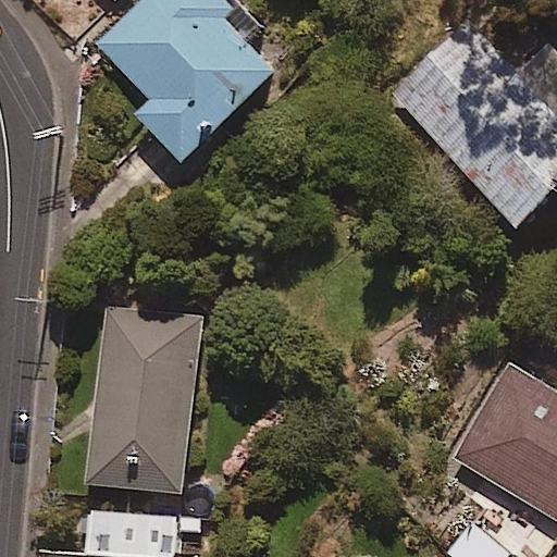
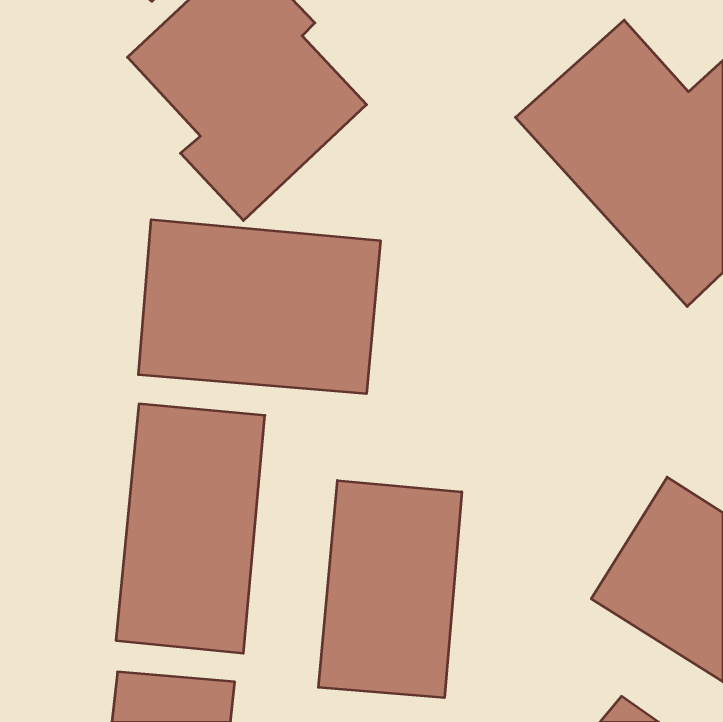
building: none -> [138,220,380,394]
building: none -> [318,480,462,698]

